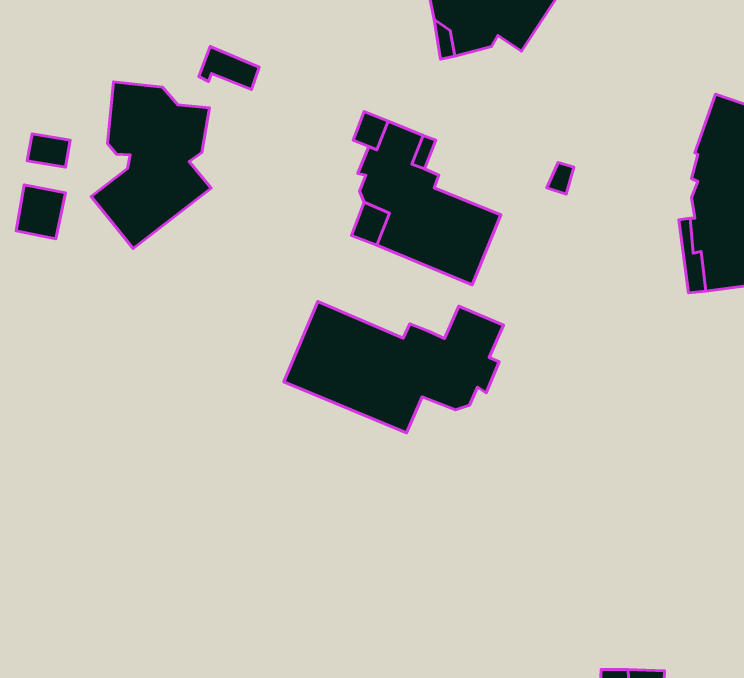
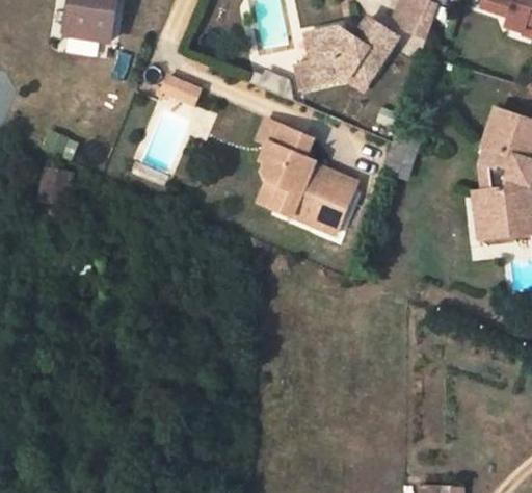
building: [91,82,211,249] -> none
building: [284,302,504,433] -> none

